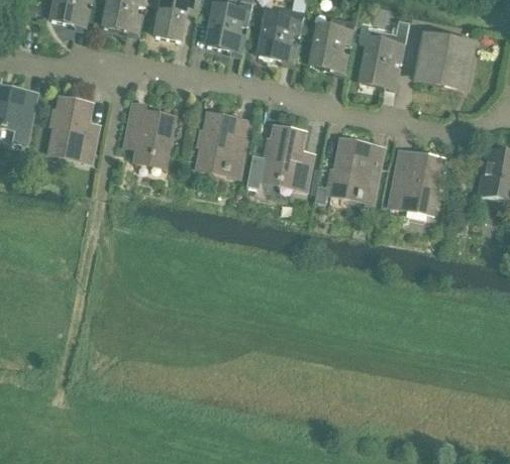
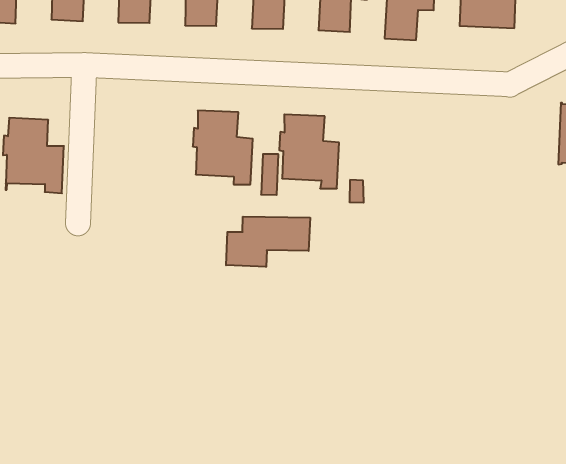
building: [124,103,175,168] -> none
building: [331,139,380,203] -> none
building: [389,152,443,214] -> none
building: none -> [226,217,310,267]

